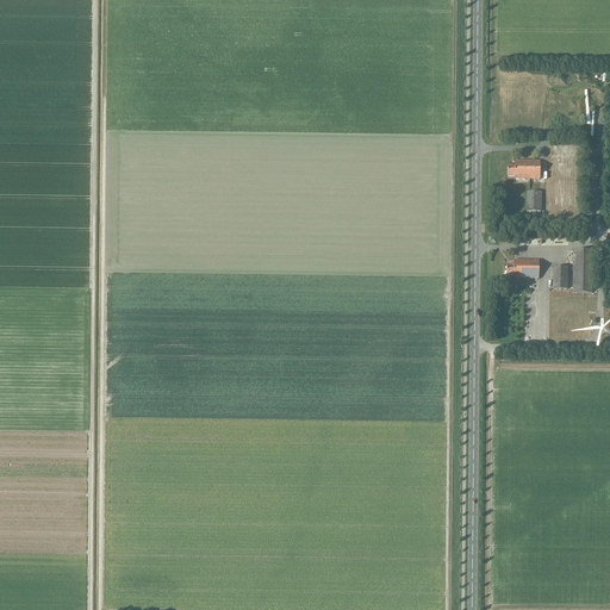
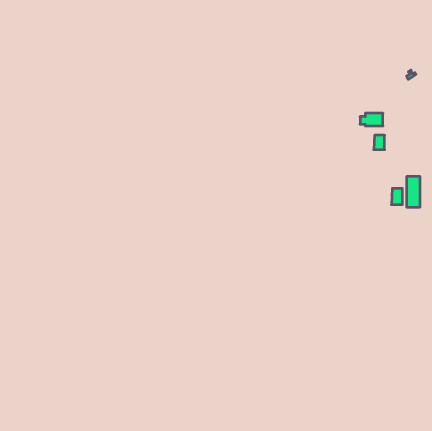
building: [506,260,539,278] -> none

